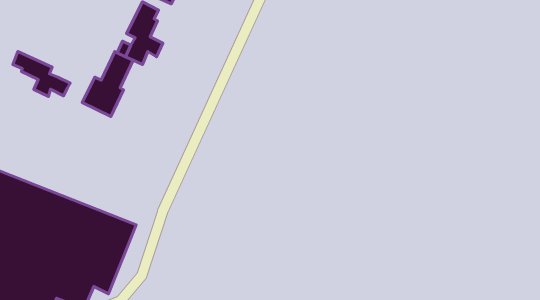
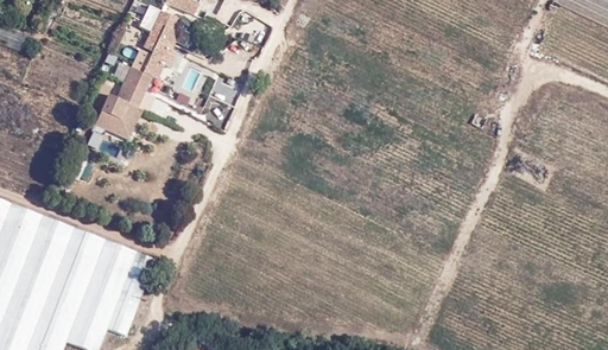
building: [13,51,70,97] -> none

